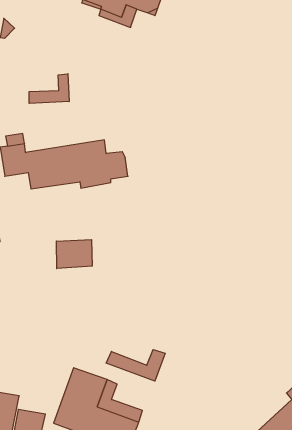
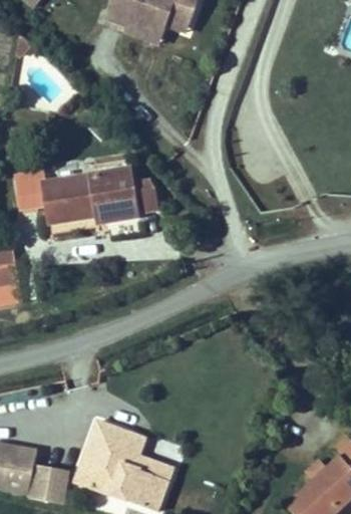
building: [29,74,69,103] -> none
building: [56,240,92,269] -> none
building: [106,350,165,381] -> none

